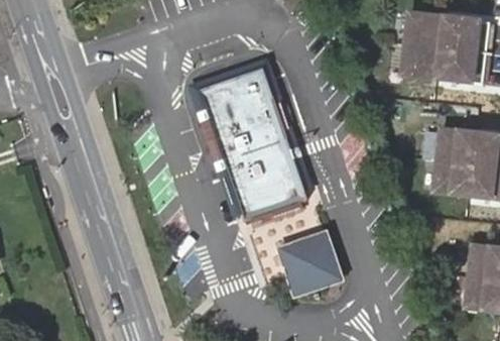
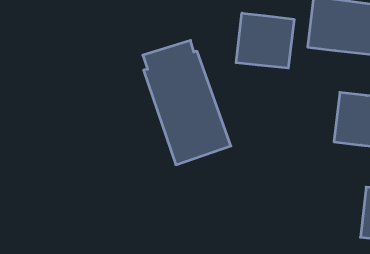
building: none -> [236,13,294,68]
building: [280,230,341,291] -> none

